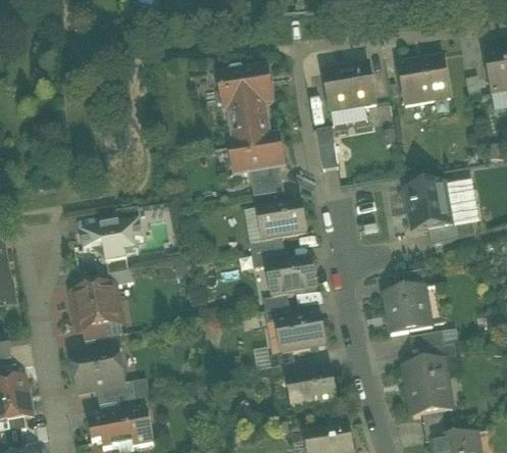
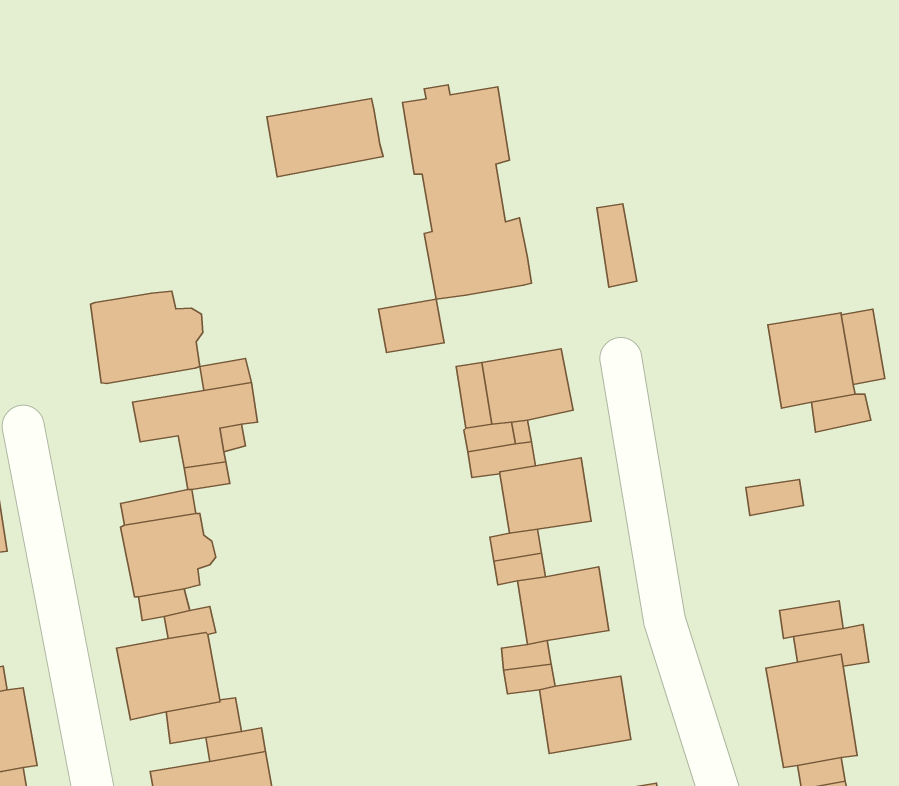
building: [398,54,451,105] -> none
building: [322,61,375,111] -> none
building: none -> [267,98,383,177]
building: [250,167,284,195] -> [379,299,444,353]
building: none -> [90,291,203,383]
building: [384,286,432,332] -> none

